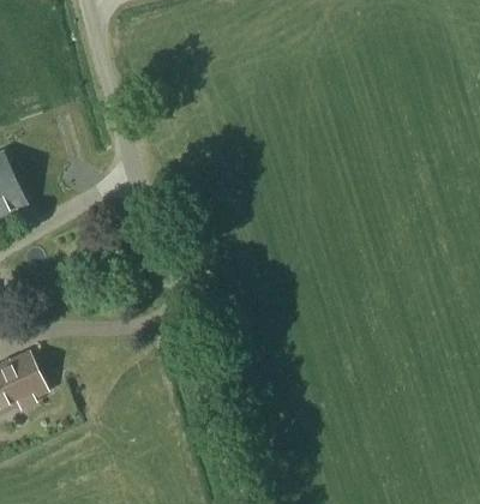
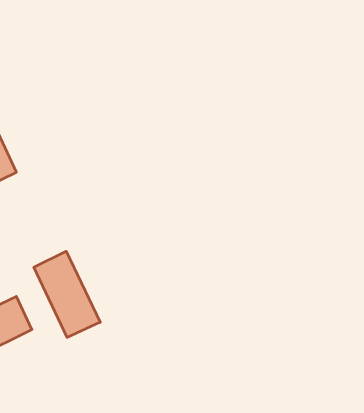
building: none -> [34,251,100,337]

